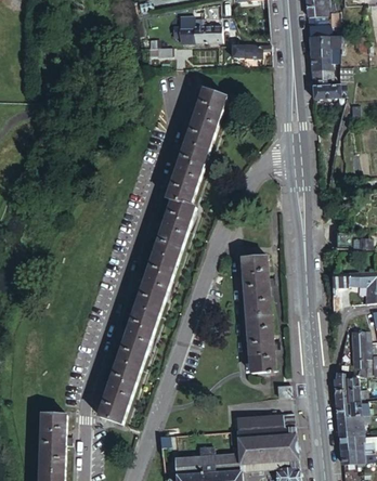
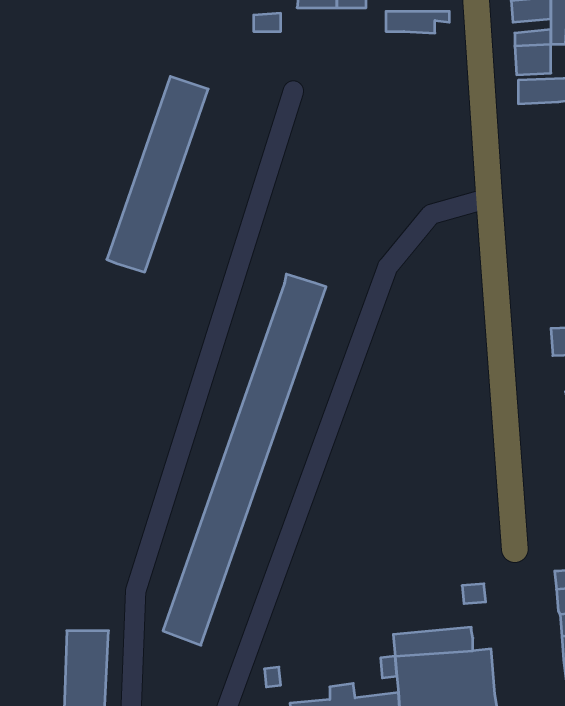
building: [167,90,227,207] -> [107,76,208,272]
building: [242,257,273,373] -> none

